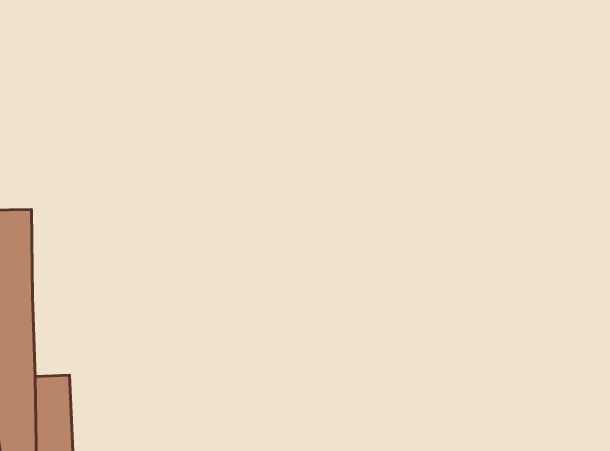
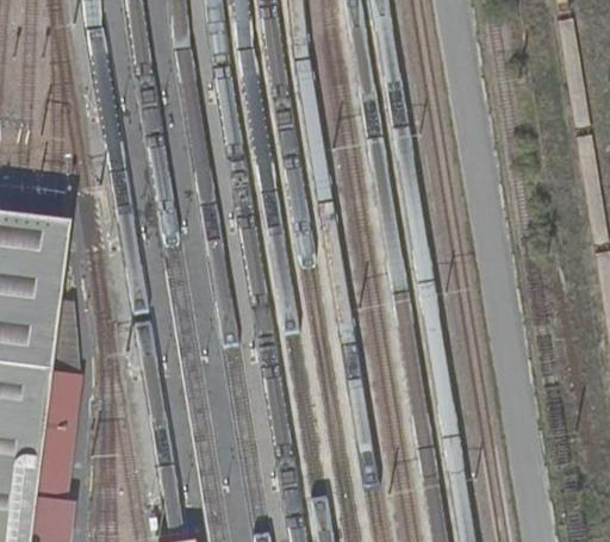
building: none -> [42,297,73,372]

